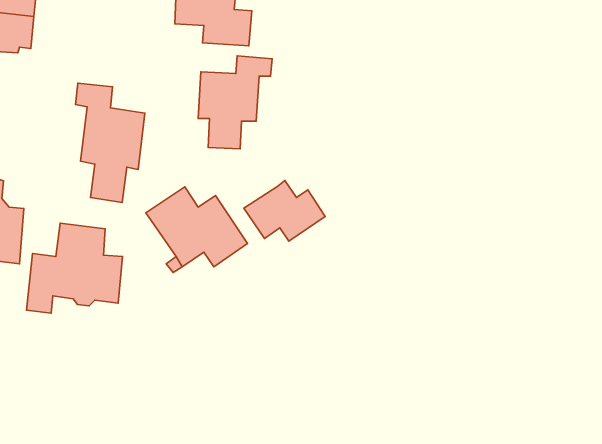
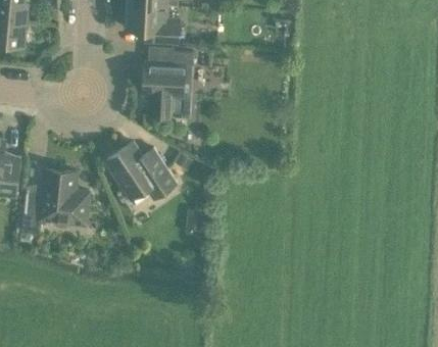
building: [76,83,145,202] -> none
building: [244,181,325,241] -> none

